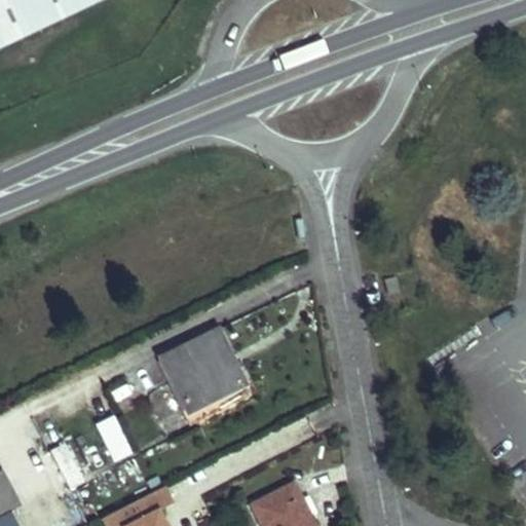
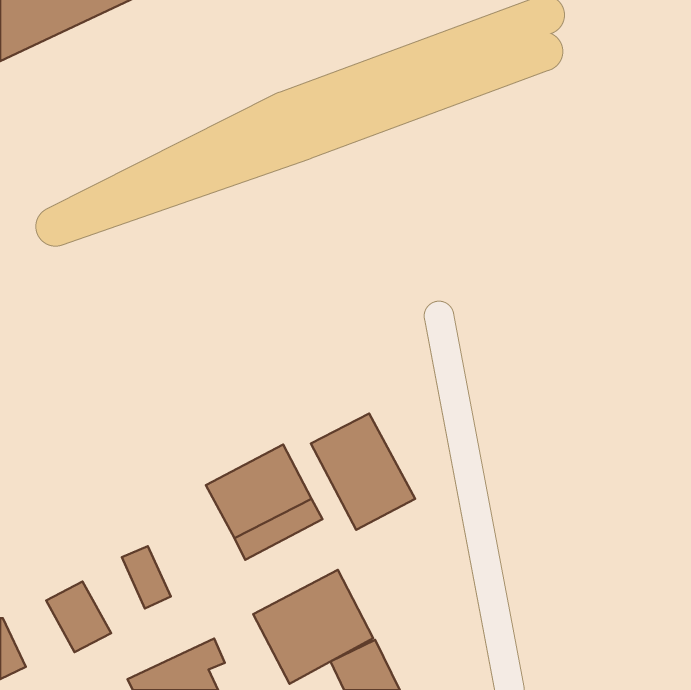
building: none -> [311,414,415,530]
building: none -> [253,570,373,684]

